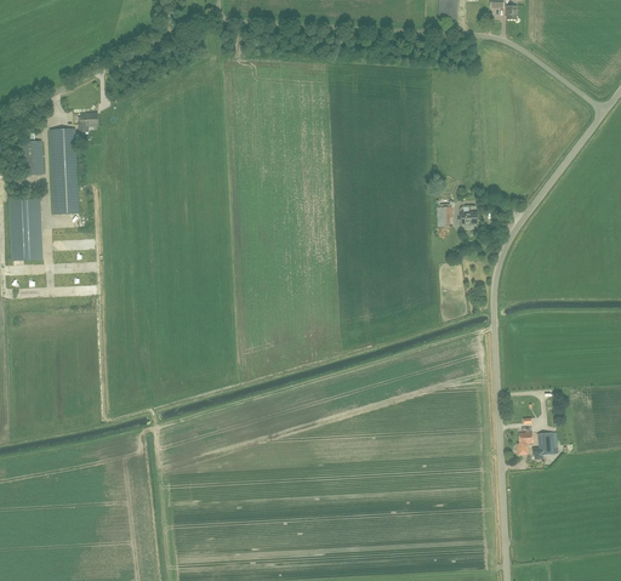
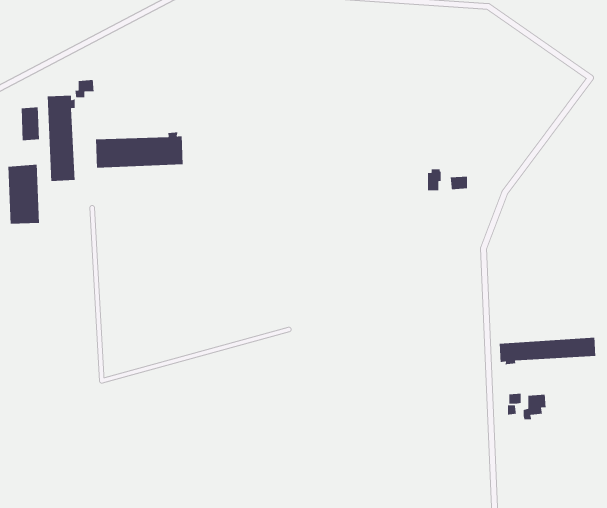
building: none -> [95,131,183,168]
building: none -> [499,337,596,365]

